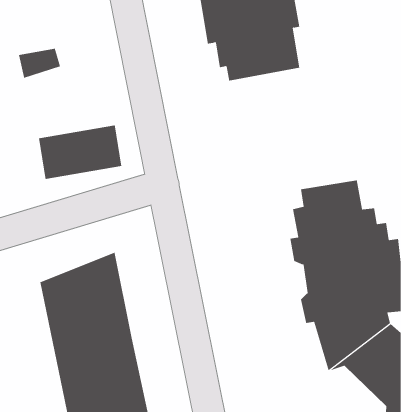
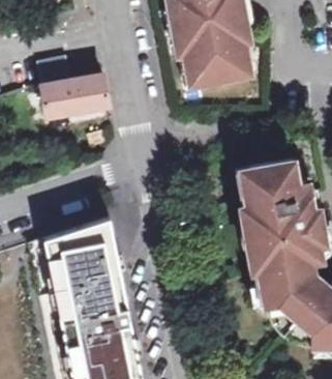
building: [38,125,122,179] -> [38,74,103,116]

